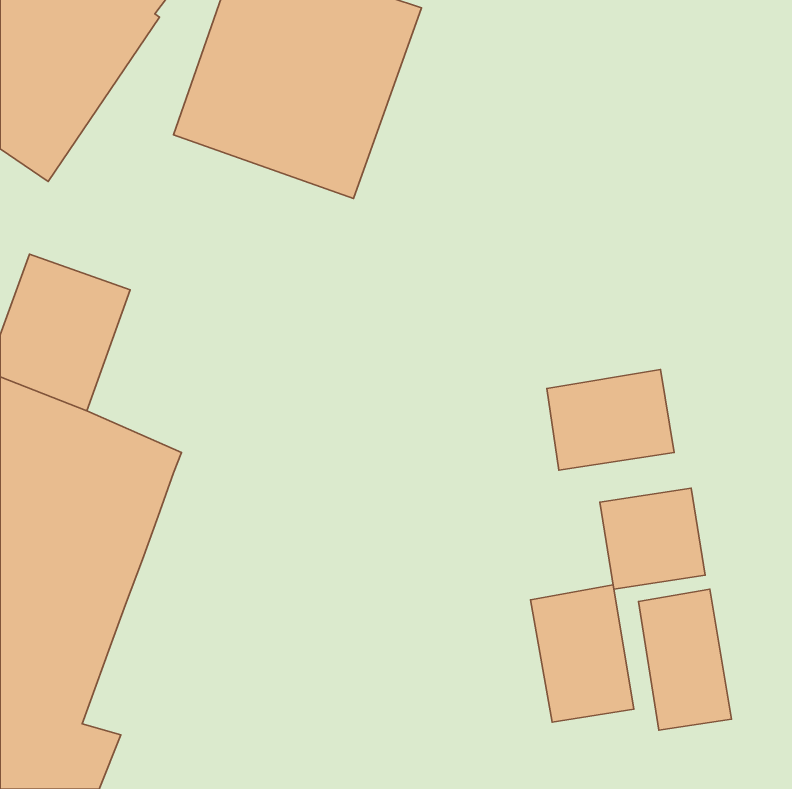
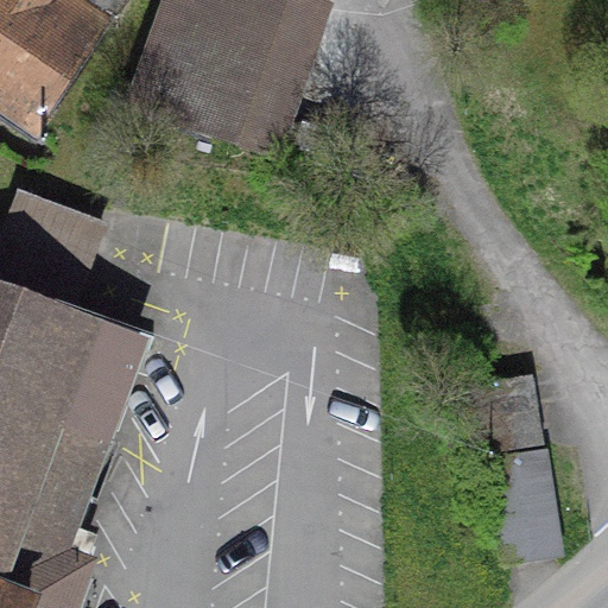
building: [547,370,674,470] -> none
building: [530,585,634,722] -> none

